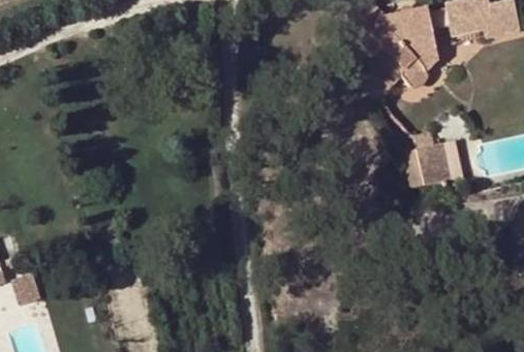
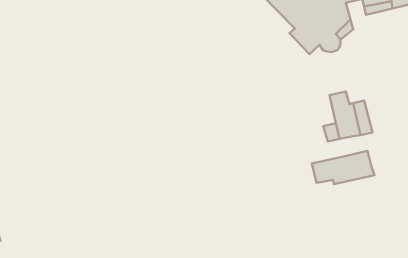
building: none -> [312,151,374,184]

